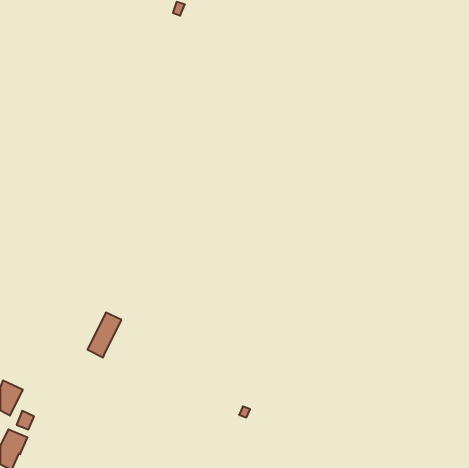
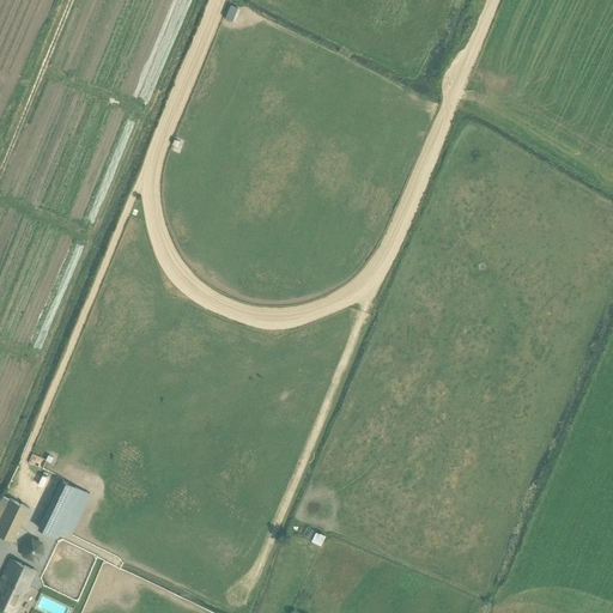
building: [87,313,121,358] -> [38,482,83,541]

